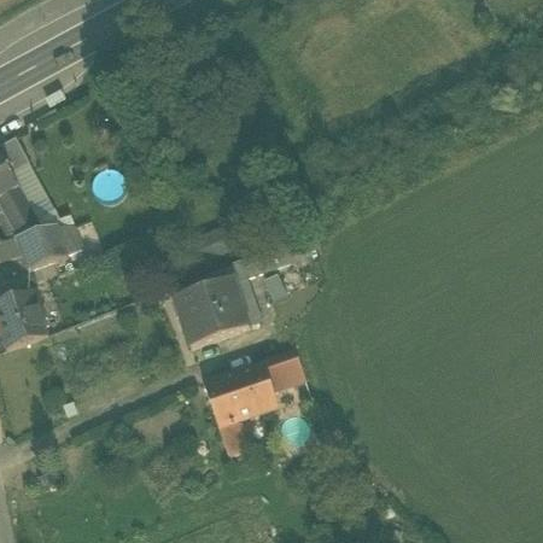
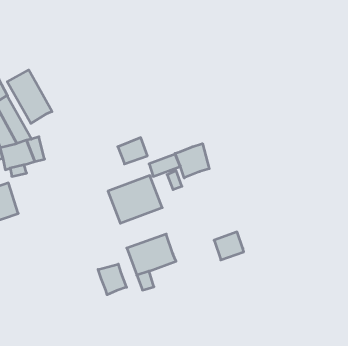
building: none -> [7,70,52,123]
building: none -> [175,144,209,178]
building: [261,351,304,392] -> [214,232,244,260]
building: none -> [98,264,127,295]

